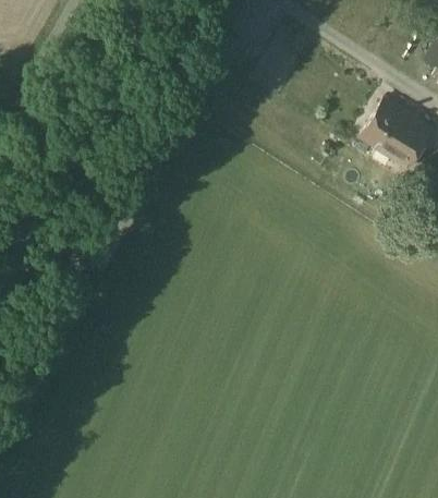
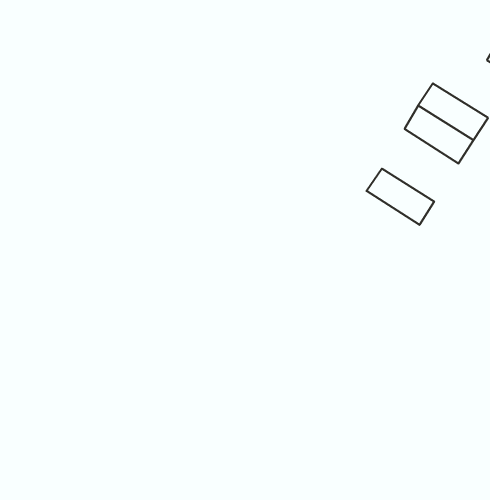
building: none -> [366,169,434,225]

